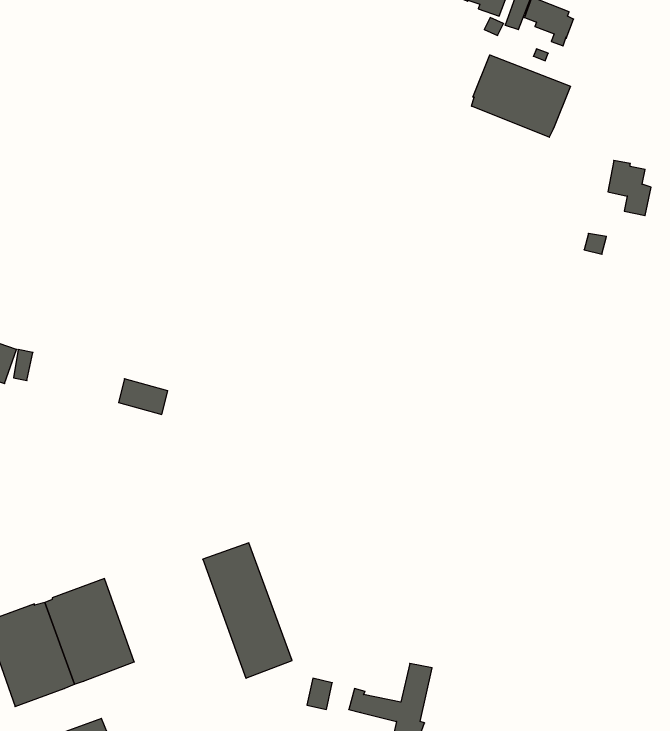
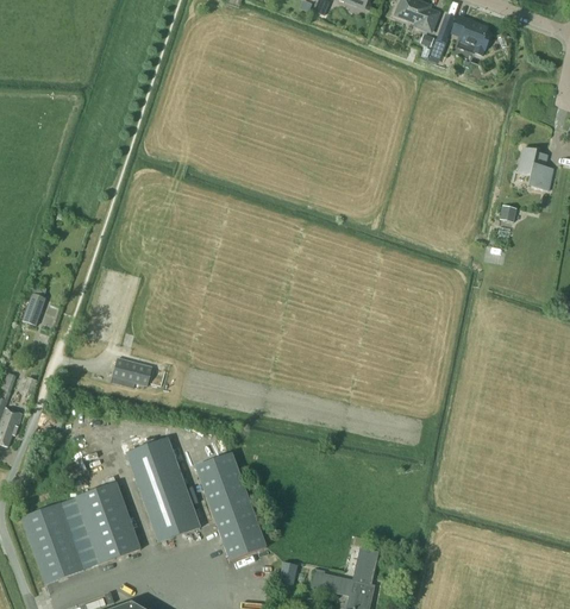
building: [472,55,570,137] -> none
building: [119,379,168,414] -> [113,358,152,387]
building: none -> [126,438,201,542]

